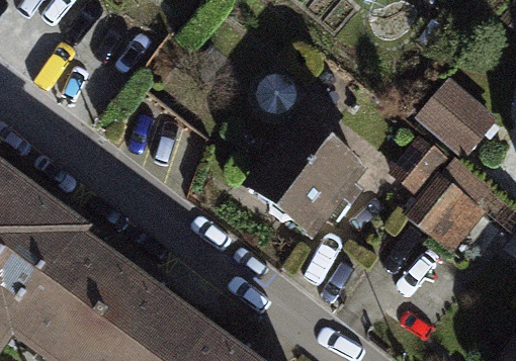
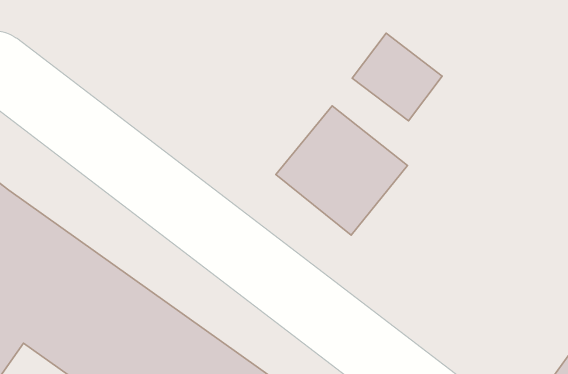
building: [425,74,506,153] -> [352,33,442,121]
building: [413,167,492,245] -> none

